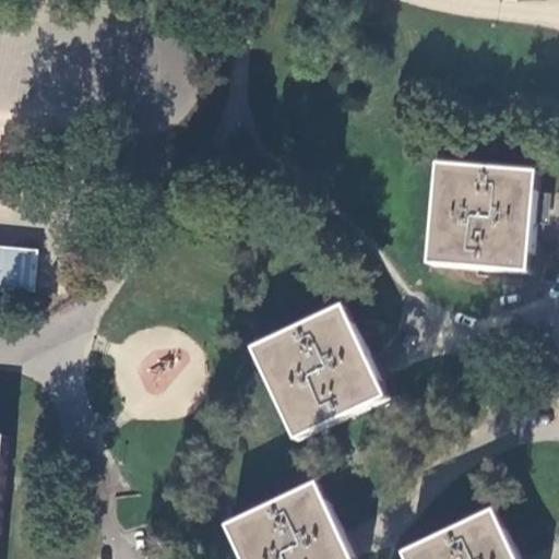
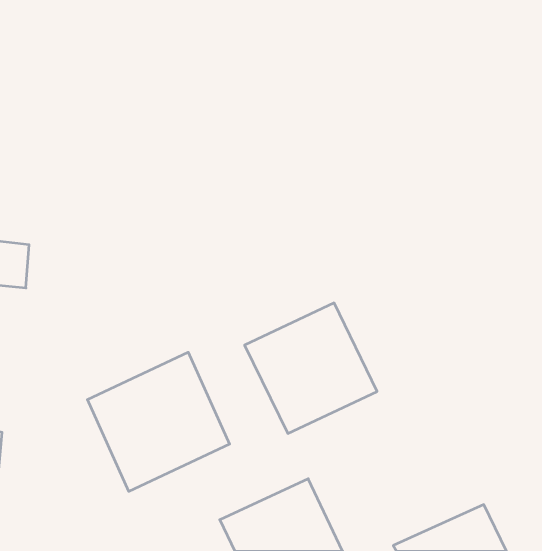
building: [426,162,533,270] -> none
building: none -> [87,352,230,491]

